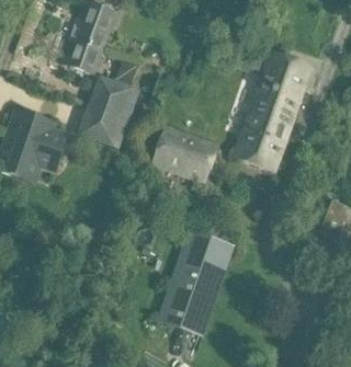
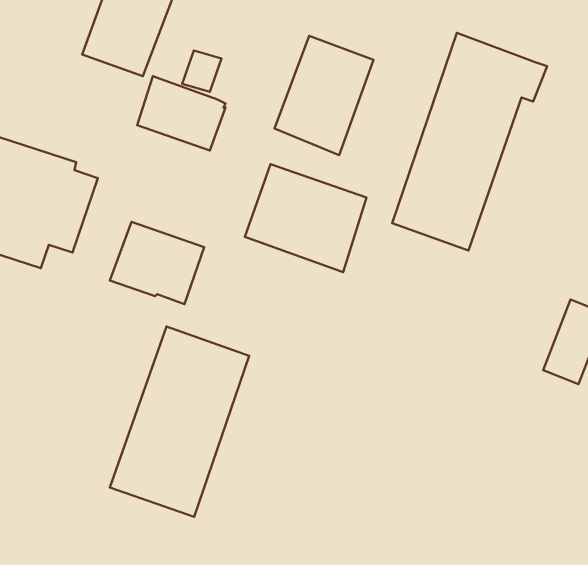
building: none -> [274,36,373,155]
building: [78,102,131,148] -> [110,222,204,304]
building: [156,229,234,335] -> [110,326,249,517]

